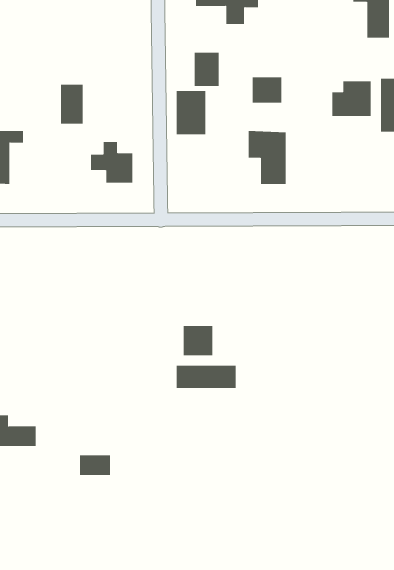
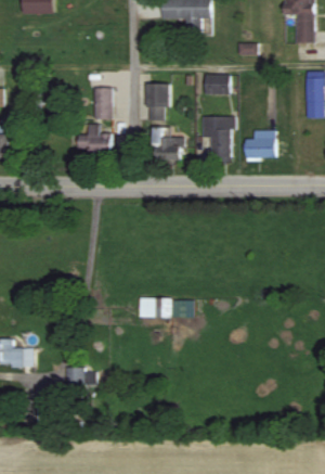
building: [194,52,219,87] -> none
building: [332,81,372,117] -> [244,130,275,158]
building: [60,84,84,124] -> [94,87,113,118]
building: none -> [154,127,183,159]
building: [183,325,213,356] -> none

